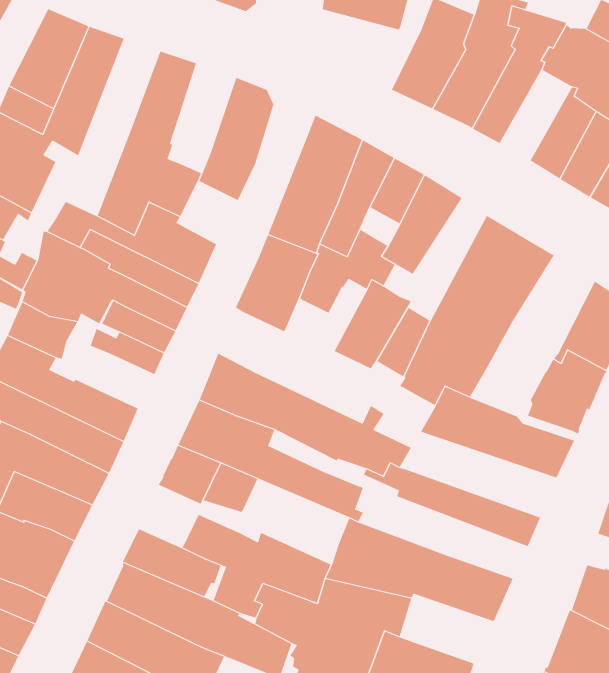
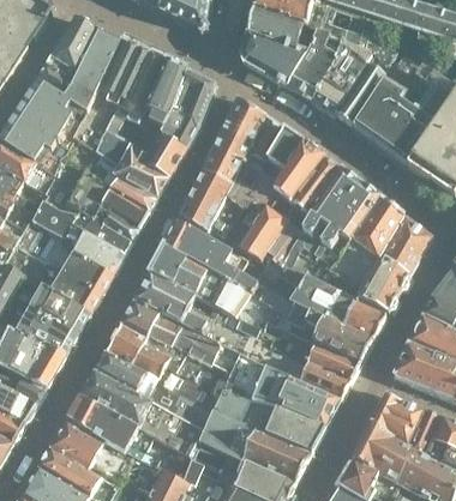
building: none -> [240,31,308,85]
building: none -> [73,40,143,150]
building: none -> [145,59,190,128]
building: none -> [353,80,401,137]
building: none -> [145,133,185,174]
building: none -> [282,157,341,233]
building: none -> [330,198,406,288]
building: none -> [164,219,258,294]
building: none -> [58,224,124,273]
building: none -> [277,302,372,362]
building: none -> [226,315,350,399]
building: none -> [173,324,239,369]
building: none -> [106,322,146,363]
building: none -> [265,404,325,451]

